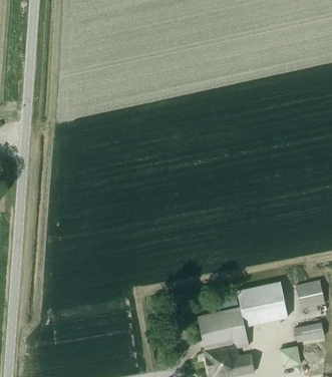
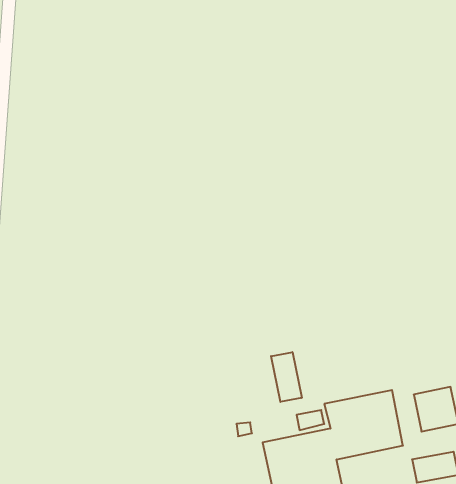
building: none -> [271,352,302,402]

